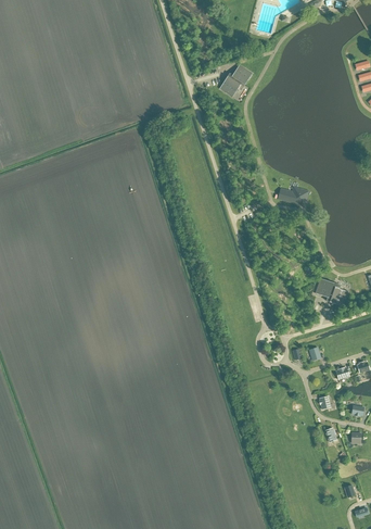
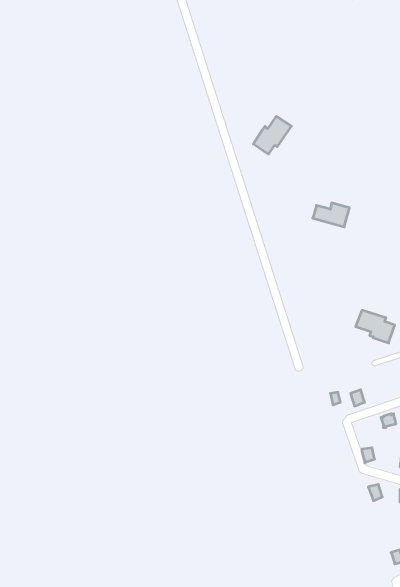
building: [219,64,252,97] -> [253,116,291,154]

